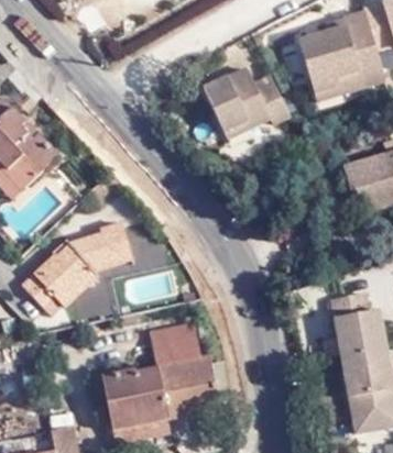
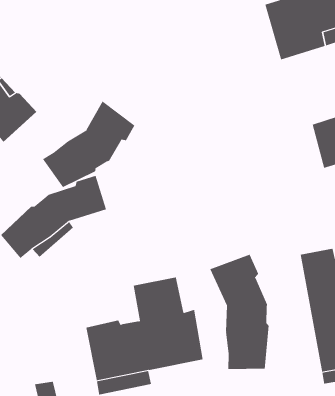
building: [195,68,281,132] -> none
building: none -> [42,101,135,188]
building: none -> [209,254,269,370]

